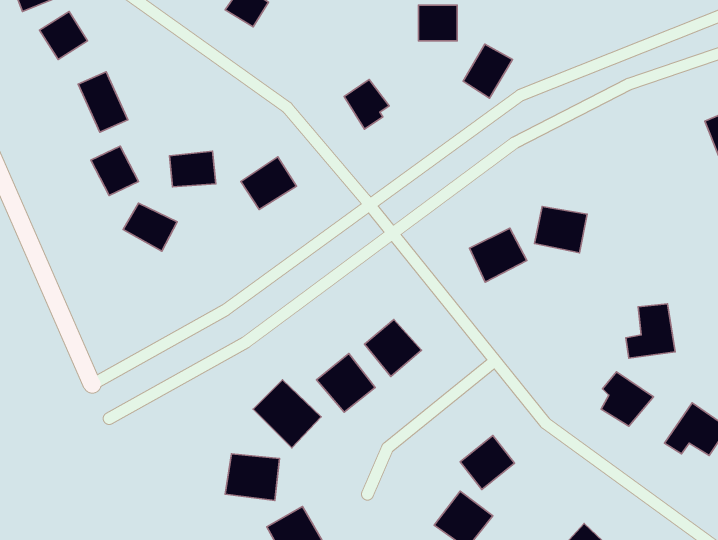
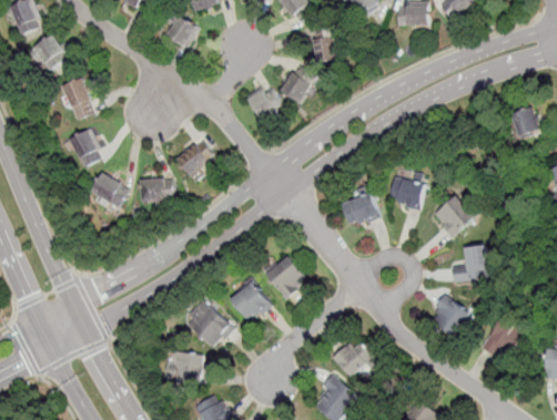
building: [463,44,513,98] -> [281,63,316,102]
building: [169,151,216,187] -> [139,176,172,202]
building: none -> [432,196,474,238]

